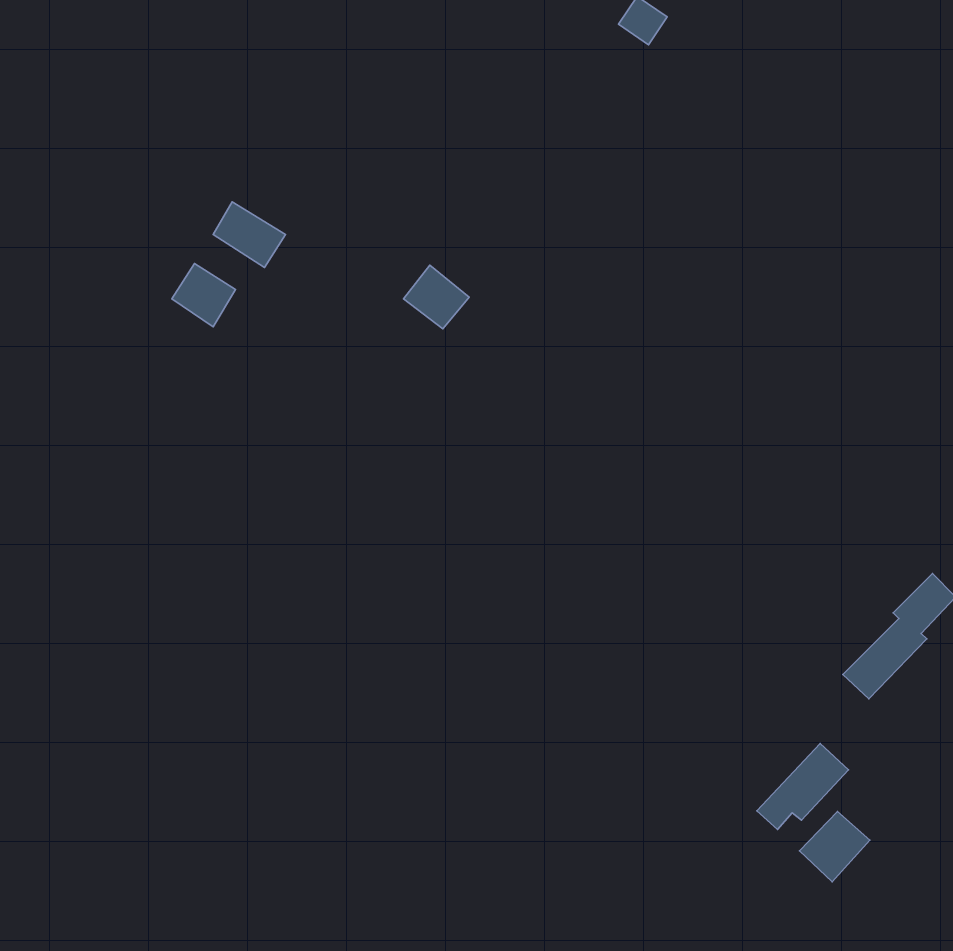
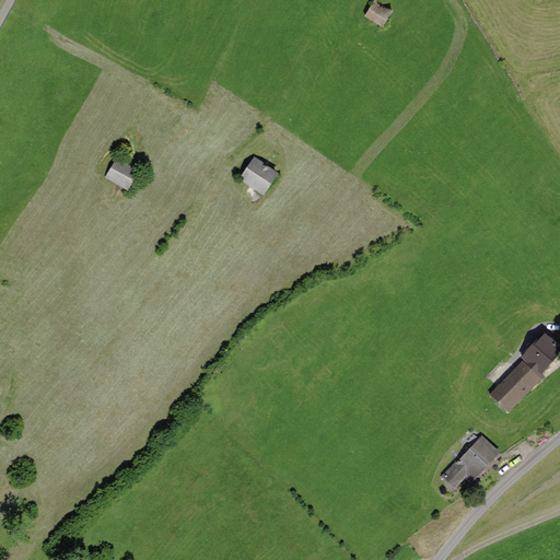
building: [213,202,285,267] -> none
building: [800,811,870,882] -> none

